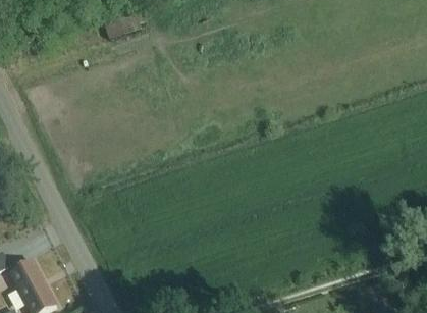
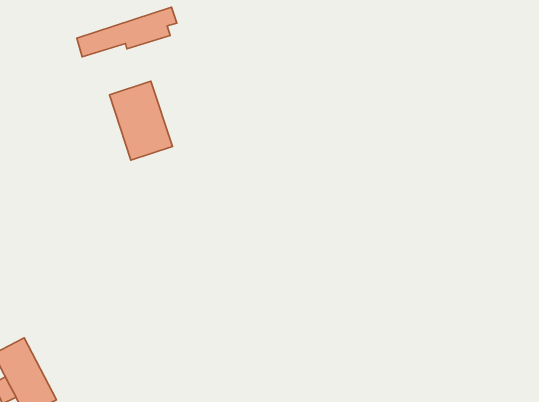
building: none -> [109,81,172,160]

